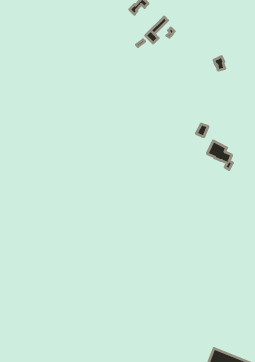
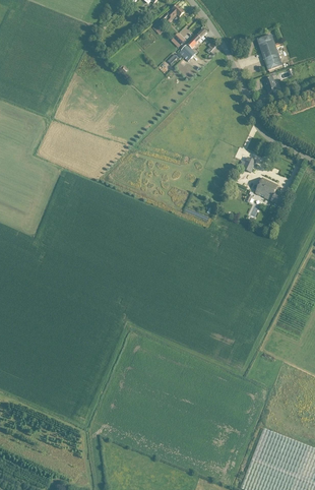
building: none -> [256,34,281,69]

